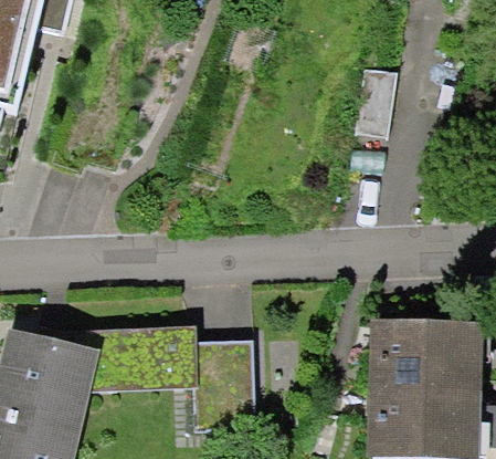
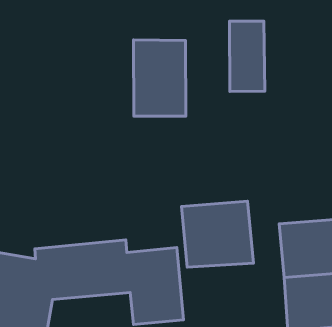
building: none -> [134,40,186,116]
building: none -> [181,201,253,267]

